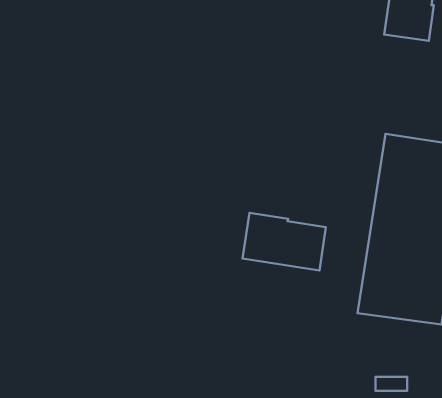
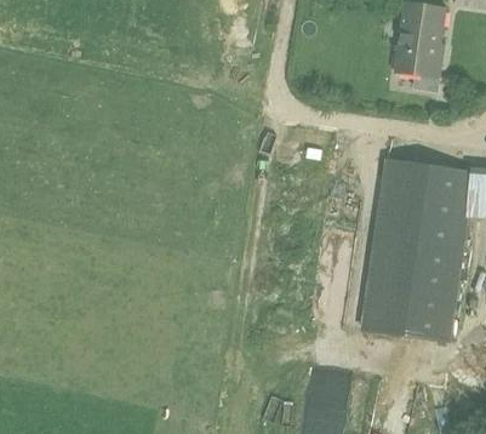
building: [243,213,326,271] -> none

